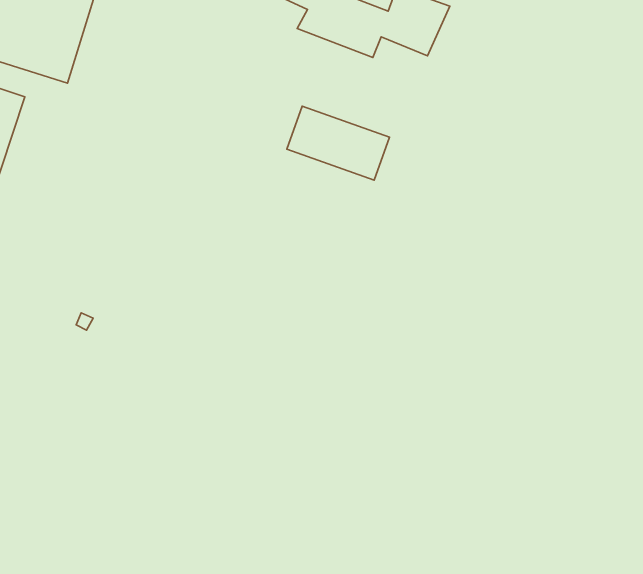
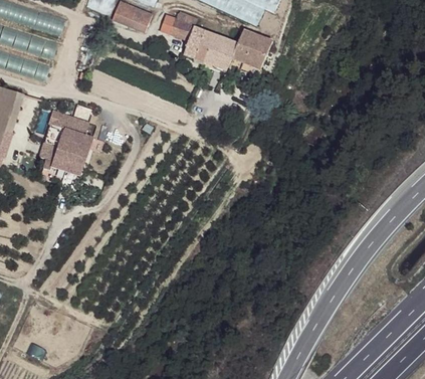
building: [287,106,390,180] -> none
building: none -> [37,118,89,176]

